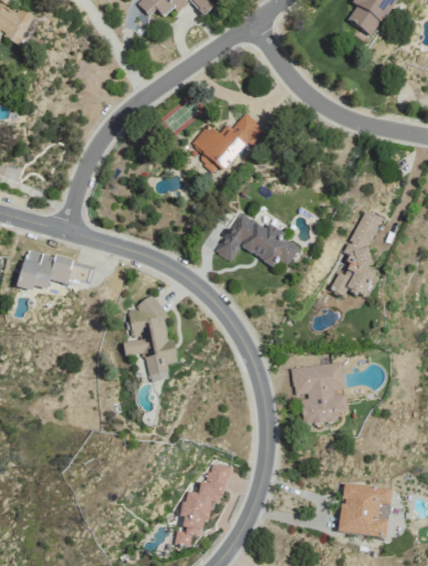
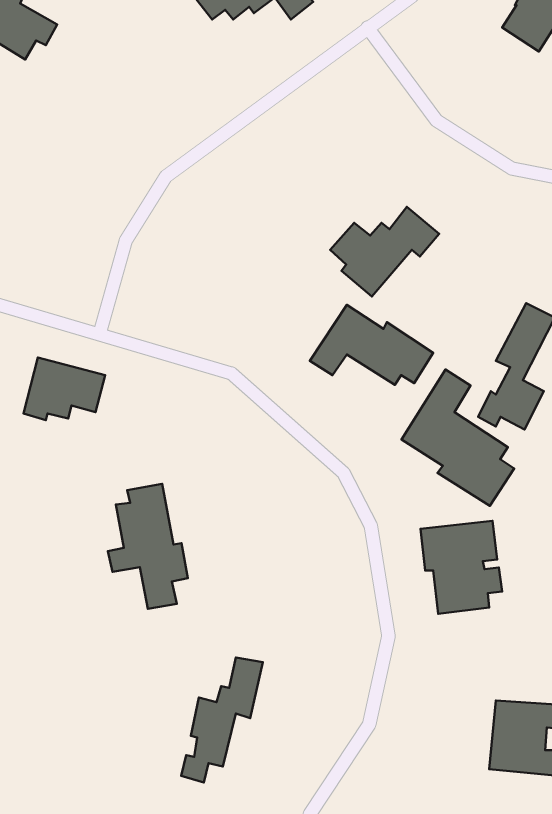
building: [191,113,267,175] -> [330,207,439,296]
building: none -> [401,369,514,506]
building: [123,296,178,382] -> [108,484,188,609]
building: [174,462,230,548] -> [181,657,263,782]

